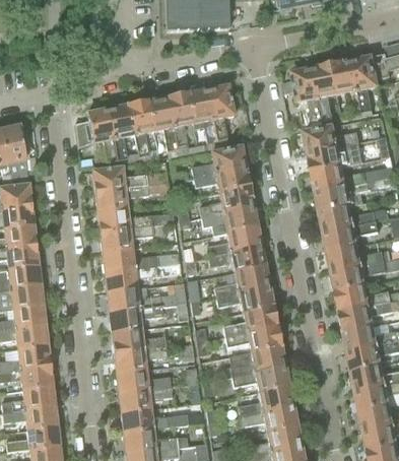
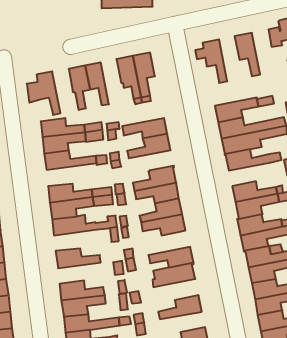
building: [353,57,379,113] -> none
building: [313,65,338,121] -> none
building: [167,93,192,149] -> none
building: [107,106,134,160] -> none
building: [304,126,359,151] -> none
building: [191,146,245,177] -> none
building: [201,206,257,235] -> none
building: [325,221,379,251] -> none
building: [99,223,153,251] -> none
building: [109,305,162,331] -> none
building: [223,306,277,336] -> none
building: [114,345,168,372] -> none
building: [231,366,287,392] -> none
building: [240,406,295,432] -> none

